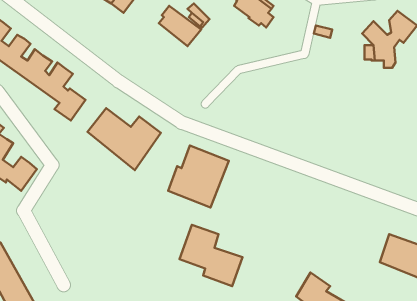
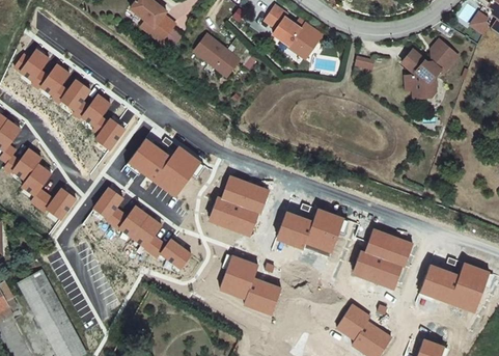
building: none -> [91,185,191,268]
building: none -> [276,208,344,253]
building: none -> [351,227,413,291]

